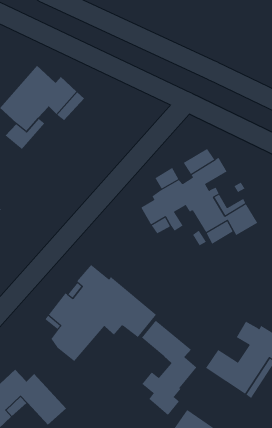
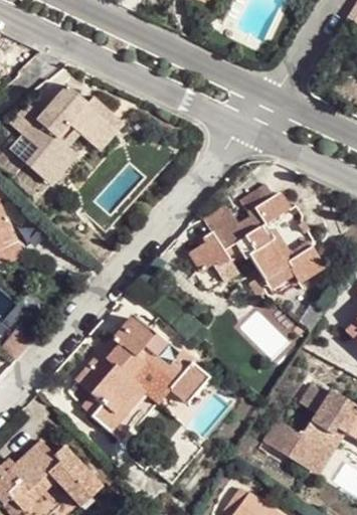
building: [141,320,197,416] -> none

